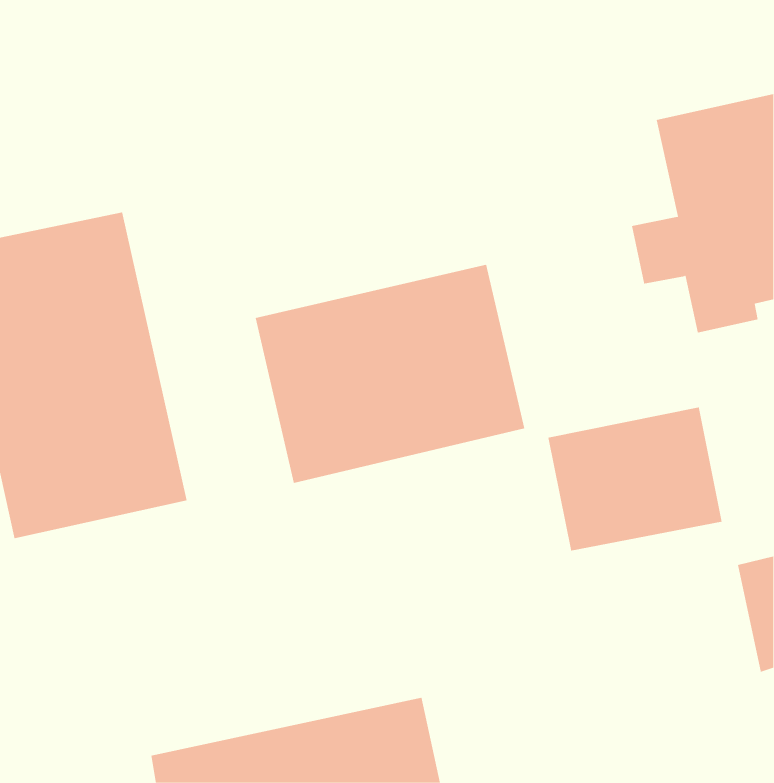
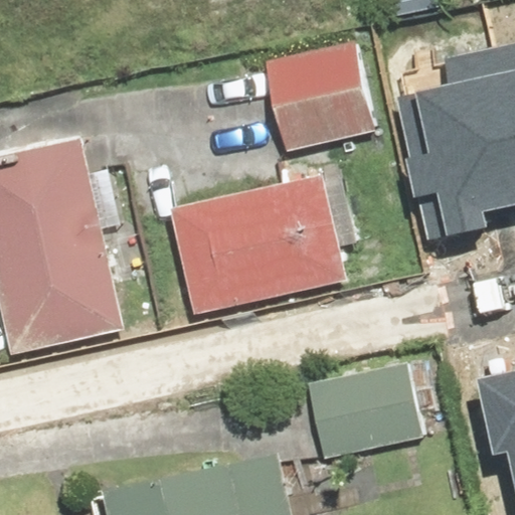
building: none -> [265,42,375,148]
building: [547,407,722,551] -> [306,365,420,460]

